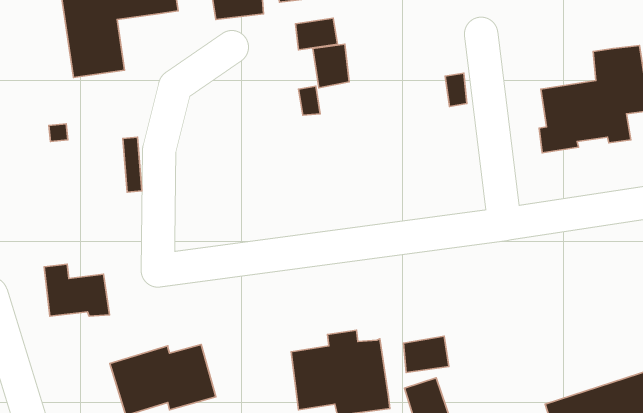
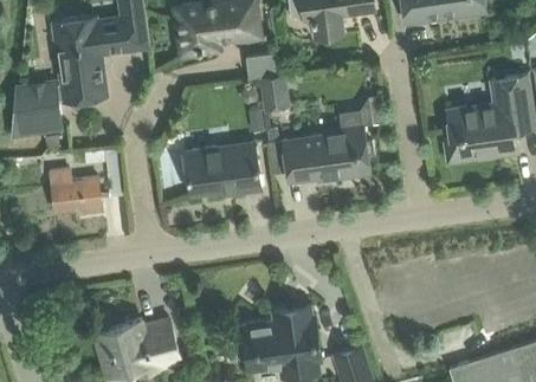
building: none -> [12,83,60,140]
building: none -> [282,112,372,182]
building: none -> [185,143,261,194]
building: [44,264,109,316] -> [50,170,103,213]
building: [404,336,449,372] -> none

